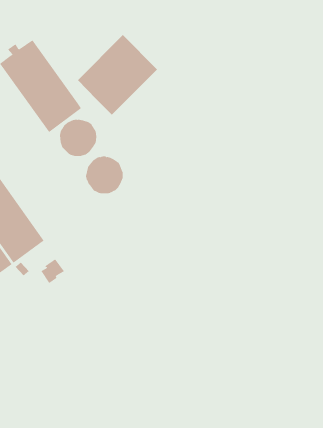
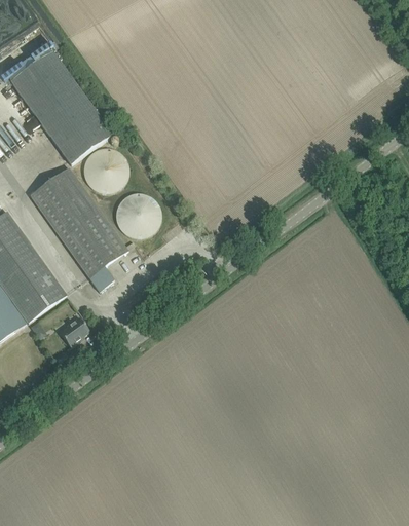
building: [77,34,158,115] -> none
building: none -> [29,166,127,291]

